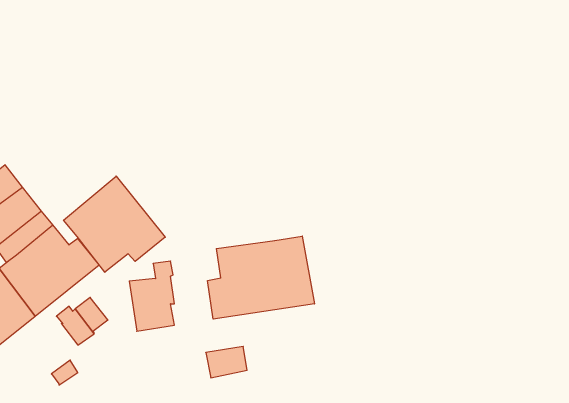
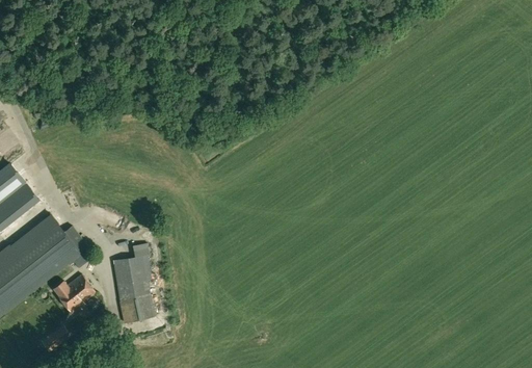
building: [64,176,165,272] -> none
building: [208,236,314,319] -> none
building: [206,346,247,378] -> [119,297,154,323]

